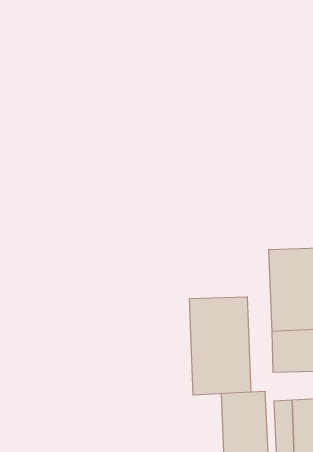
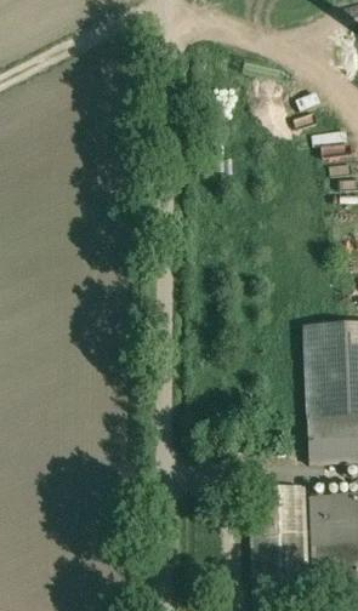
building: [189,297,251,395] -> none

